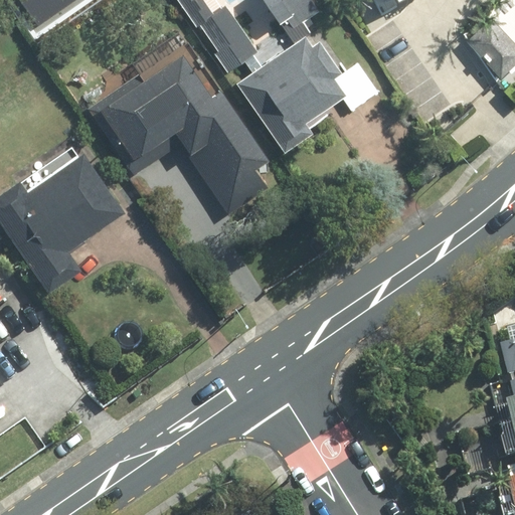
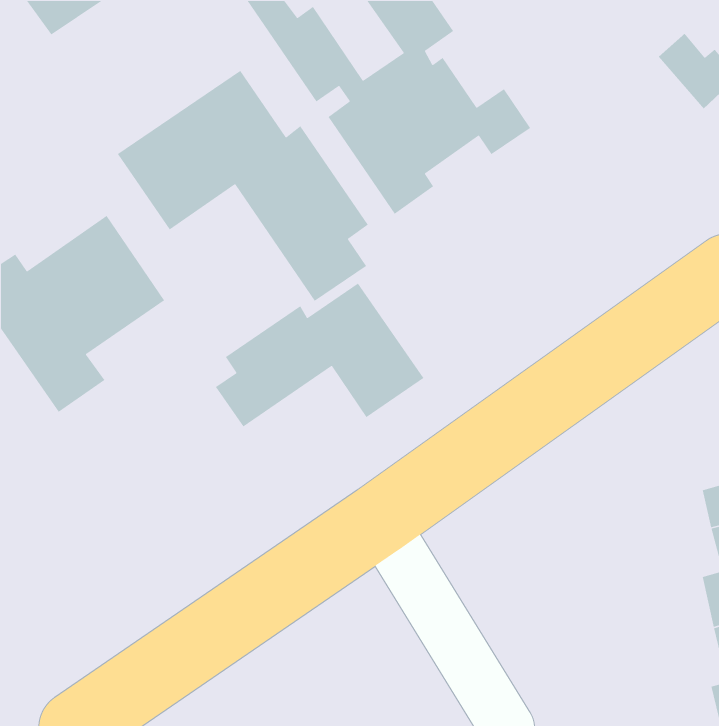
building: none -> [215,282,424,427]

